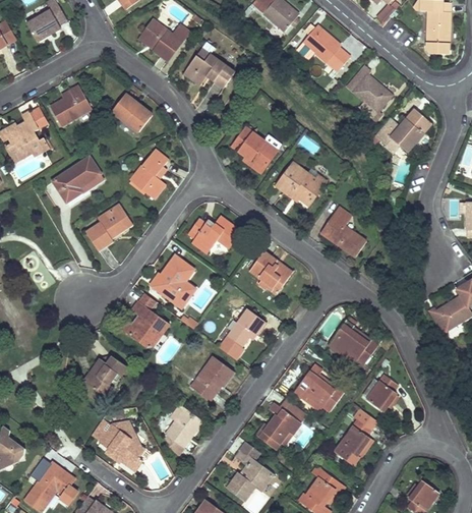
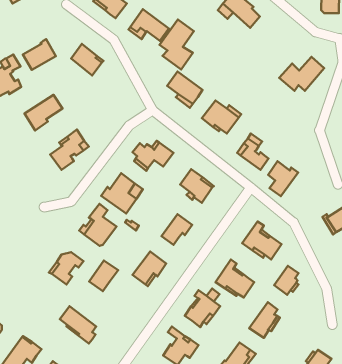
building: none -> [159,20,194,70]
building: [348,66,392,120] -> none
building: [129,149,166,198] -> none
building: none -> [268,161,298,196]
building: [166,406,202,445] -> [89,261,118,291]

